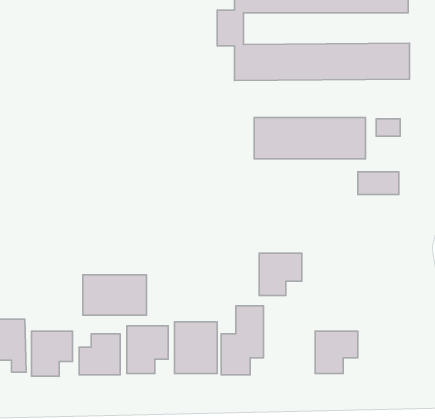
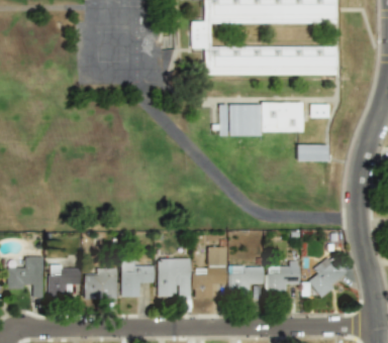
building: [259,253,302,296] -> [230,265,263,298]
building: [83,275,146,315] -> none
building: none -> [307,255,348,298]

